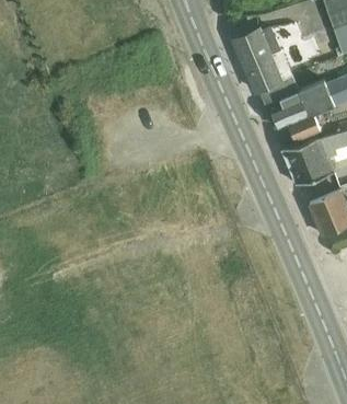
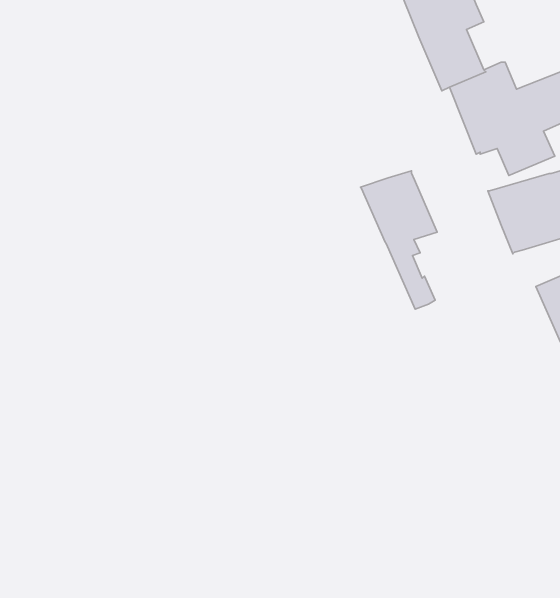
building: none -> [361,171,437,309]

